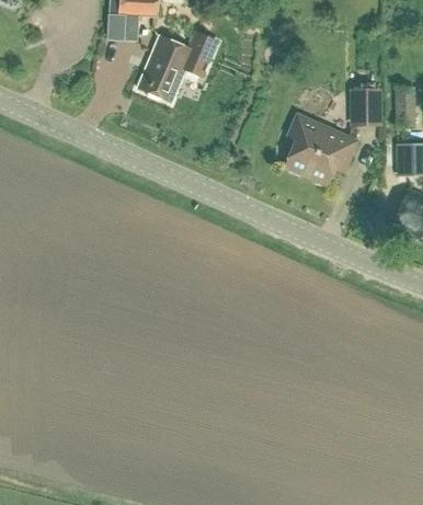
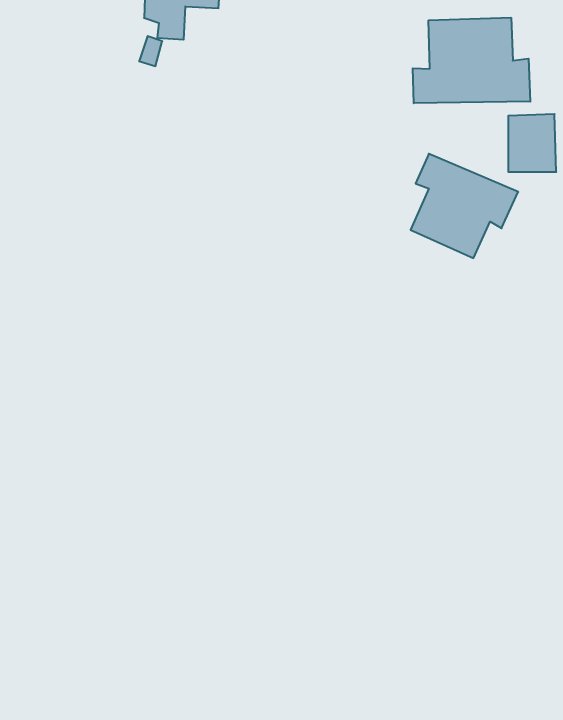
building: none -> [413,18,530,103]
building: [137,32,218,101] -> none

